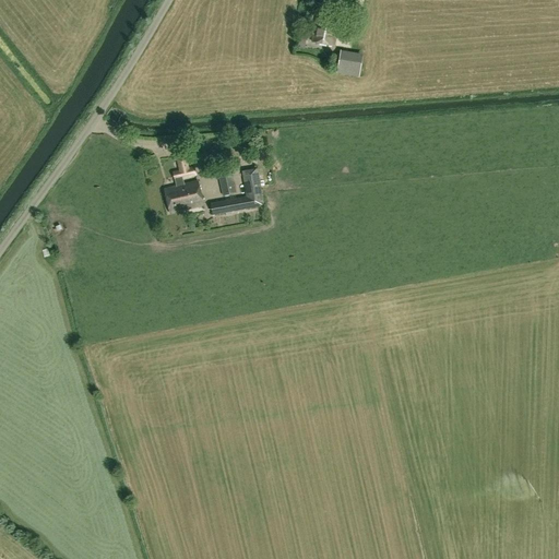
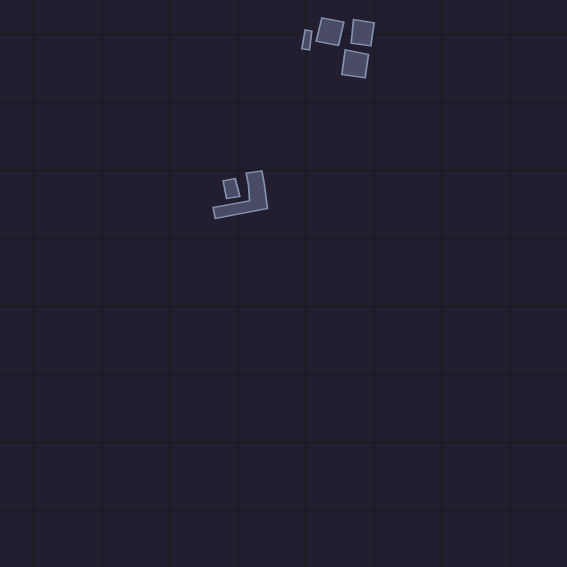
building: none -> [351,20,374,46]
building: [165,167,204,213] -> none

